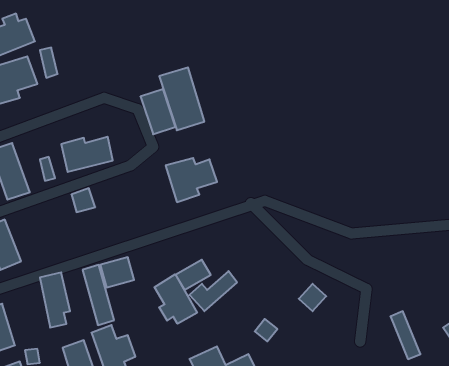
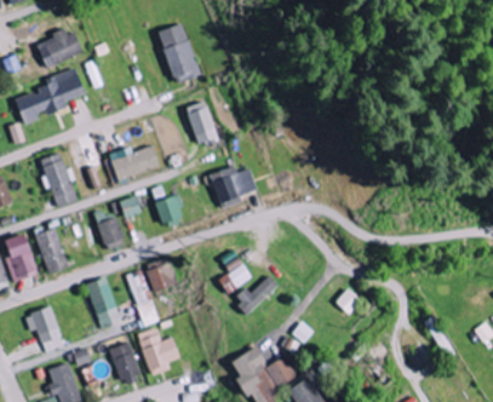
building: [159,67,204,130] -> [157,22,201,82]
building: none -> [153,194,182,225]
building: none -> [97,217,124,249]
building: [154,274,197,324] -> none

